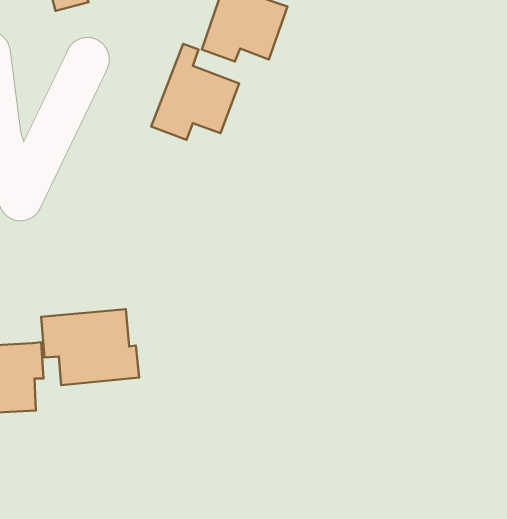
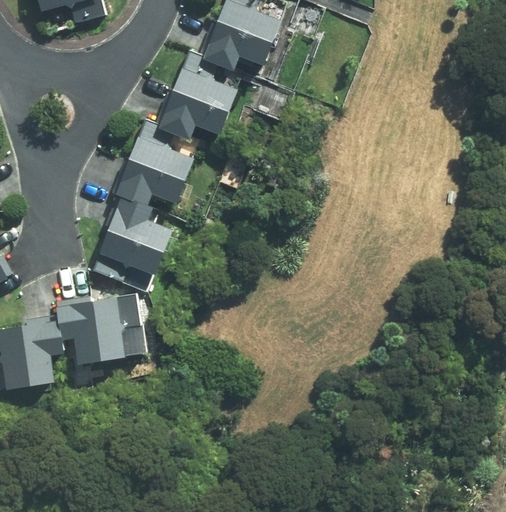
building: none -> [115,121,195,205]
building: none -> [99,199,175,273]

